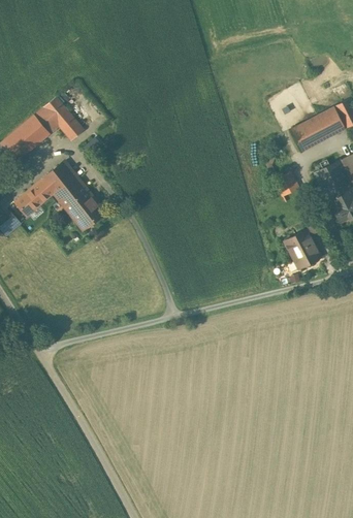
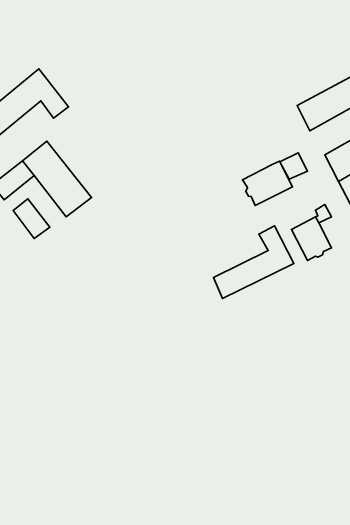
building: none -> [243,161,292,205]
building: none -> [13,199,50,238]
building: none -> [213,226,294,298]

